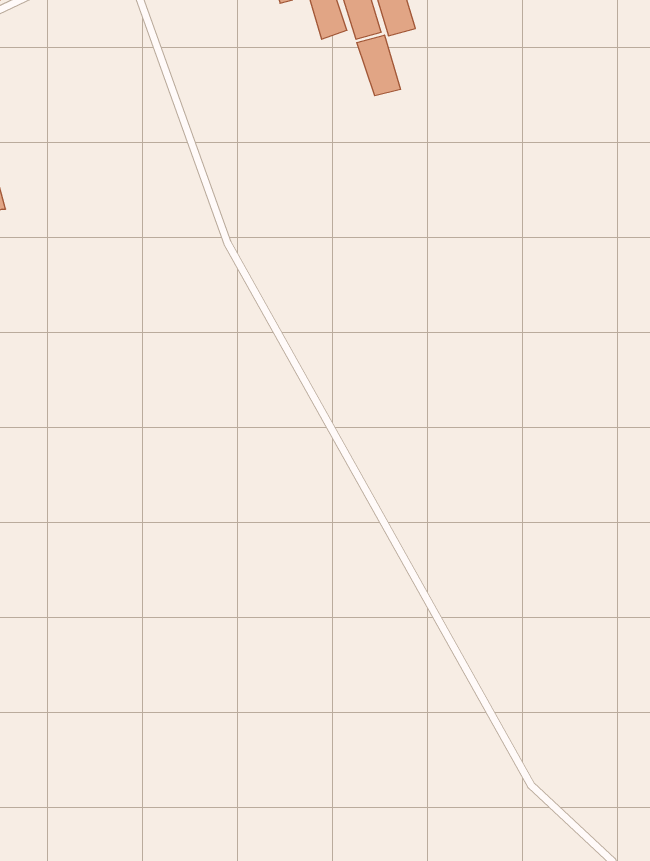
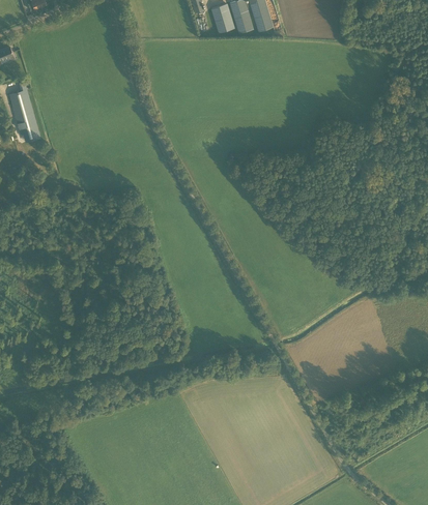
building: [357,35,401,96] -> none

